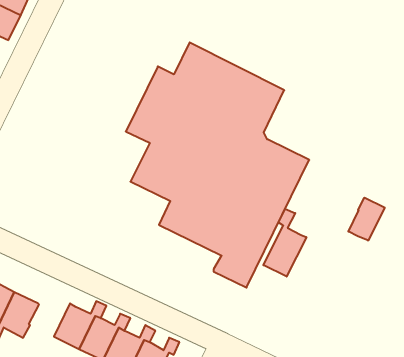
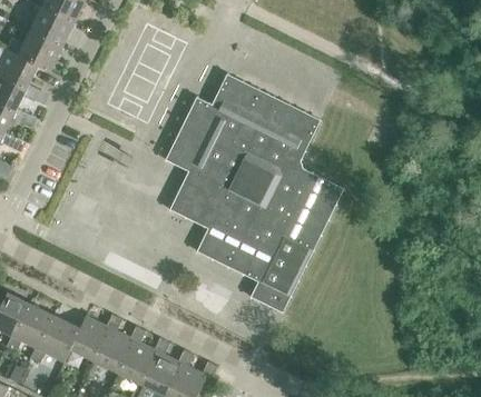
building: [348,198,385,241] -> none
building: [263,209,306,277] -> none
building: none -> [70,314,121,360]

